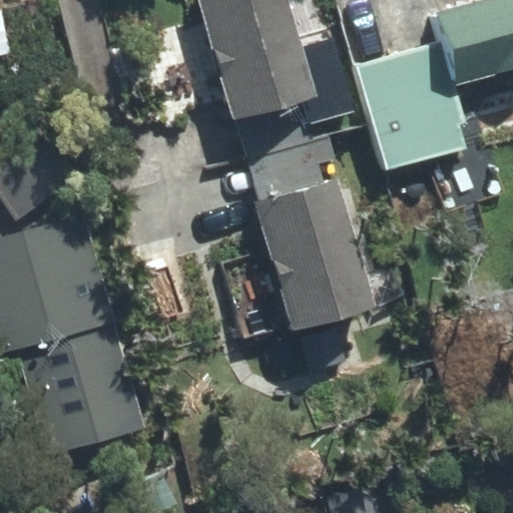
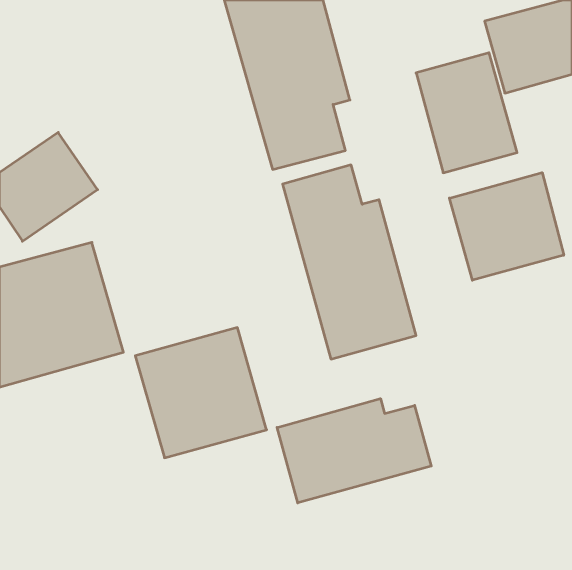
building: none -> [449,173,564,280]
building: [25,337,142,453] -> [135,328,267,458]
building: none -> [277,399,431,503]

